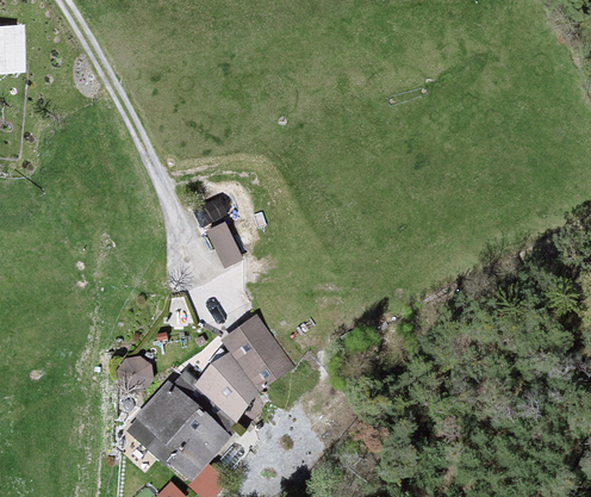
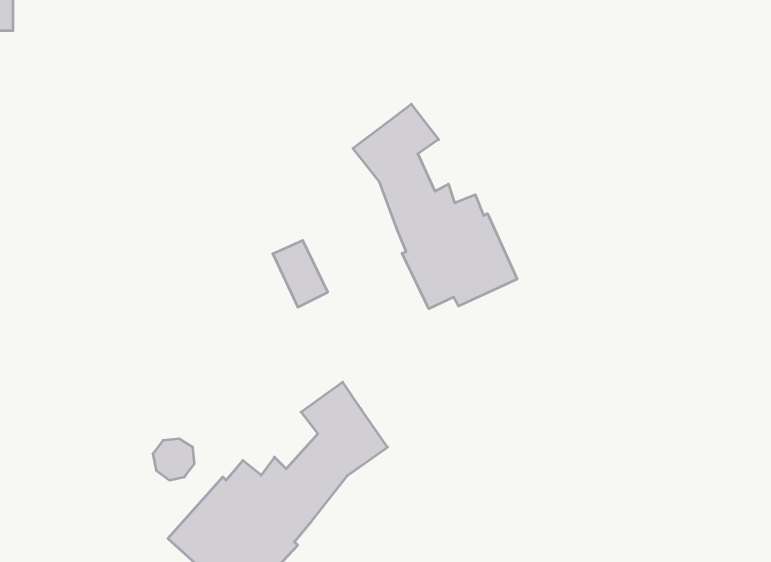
building: none -> [353,104,517,309]

